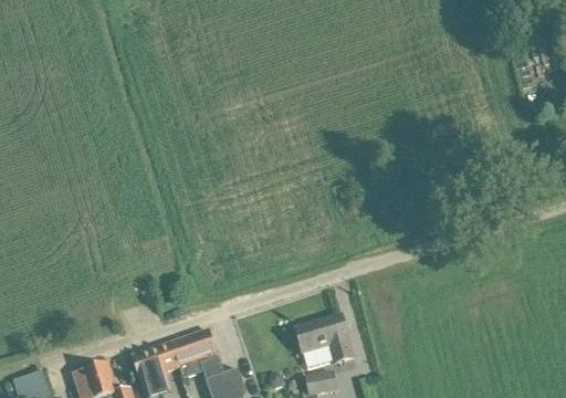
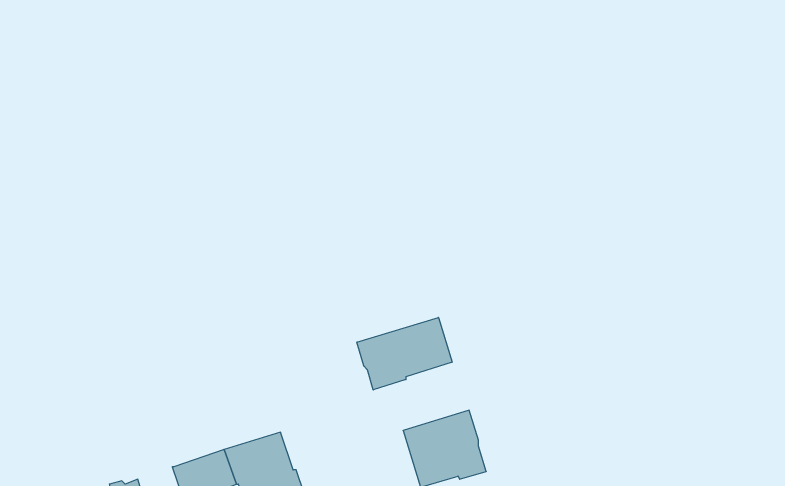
building: none -> [357,317,452,390]

